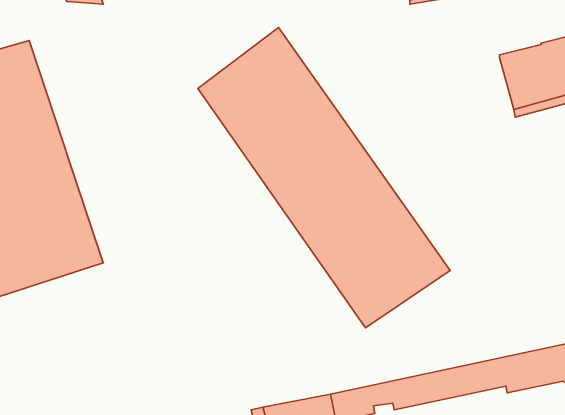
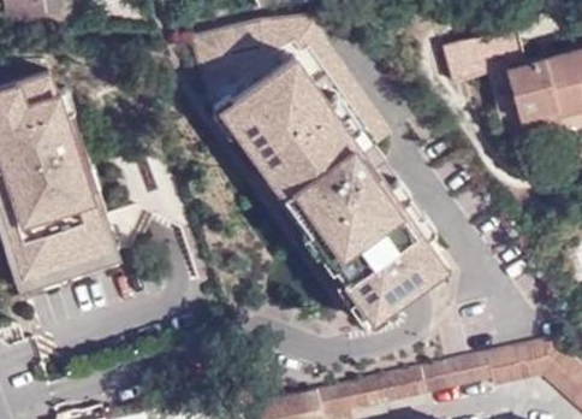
building: none -> [443,26,525,84]

